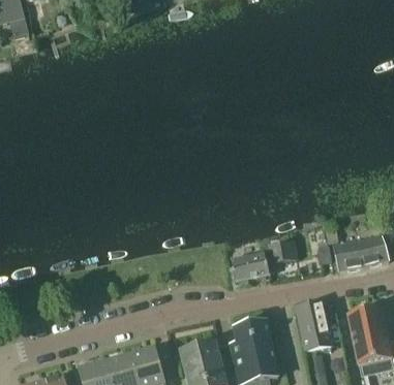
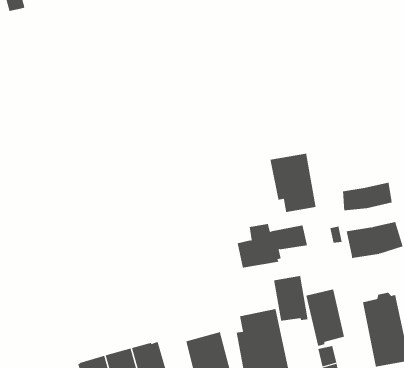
building: none -> [270,153,316,213]
building: none -> [342,182,393,211]
building: none -> [273,275,308,322]

